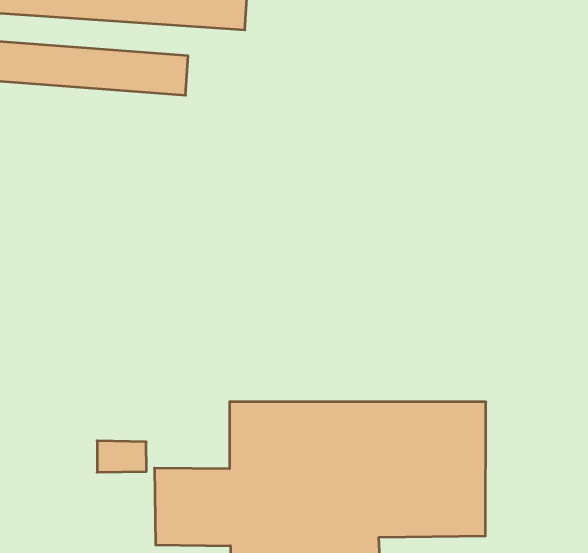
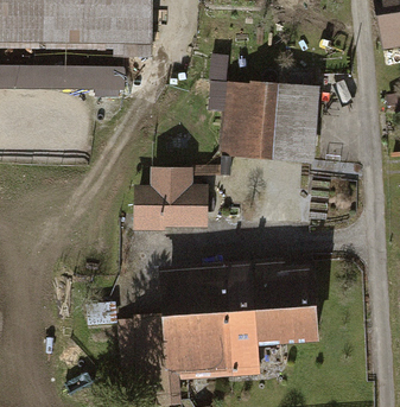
building: none -> [218,82,319,167]
building: none -> [133,164,210,233]

